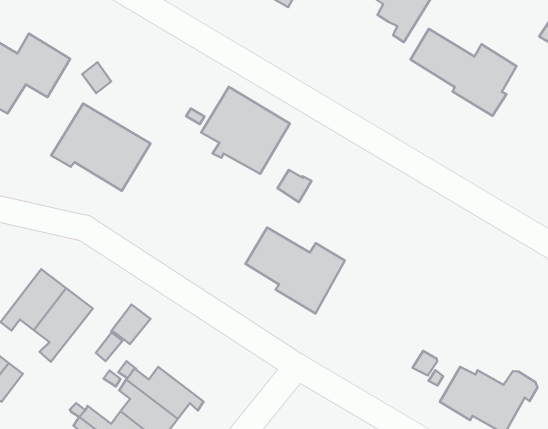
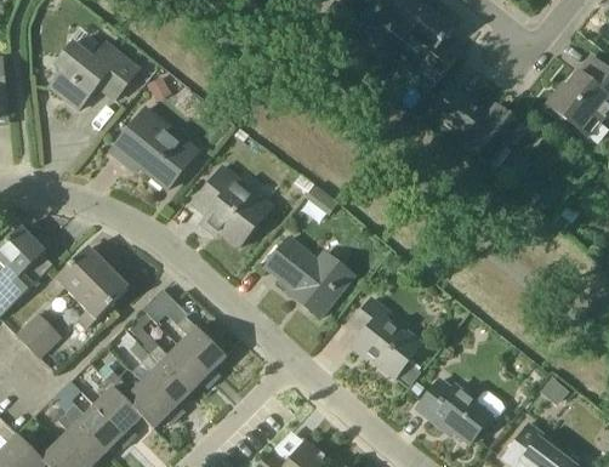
building: [201,87,290,174] -> [193,166,271,245]
building: none -> [352,297,419,376]
building: none -> [177,315,226,380]

